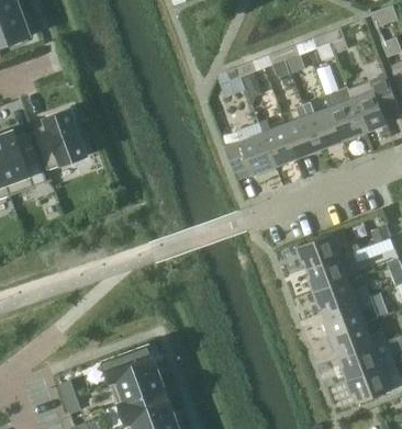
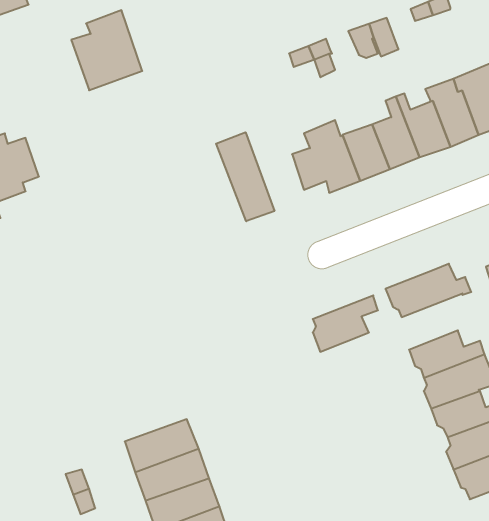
building: [32,110,85,169] -> [71,10,142,90]
building: none -> [216,132,274,221]
building: [306,250,355,292] -> [313,295,378,352]

